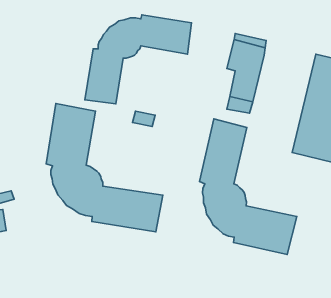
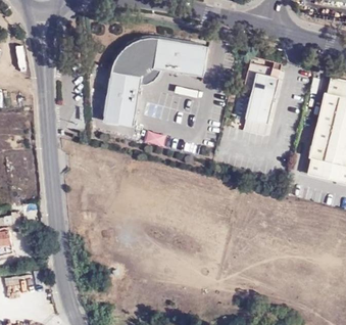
building: [46,104,163,232] -> none
building: [200,119,297,254] -> none

